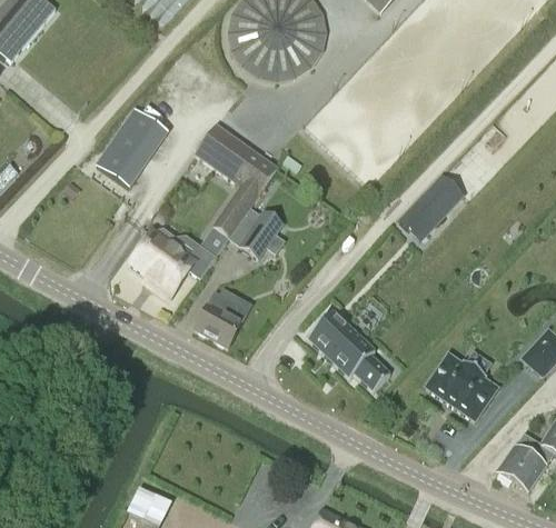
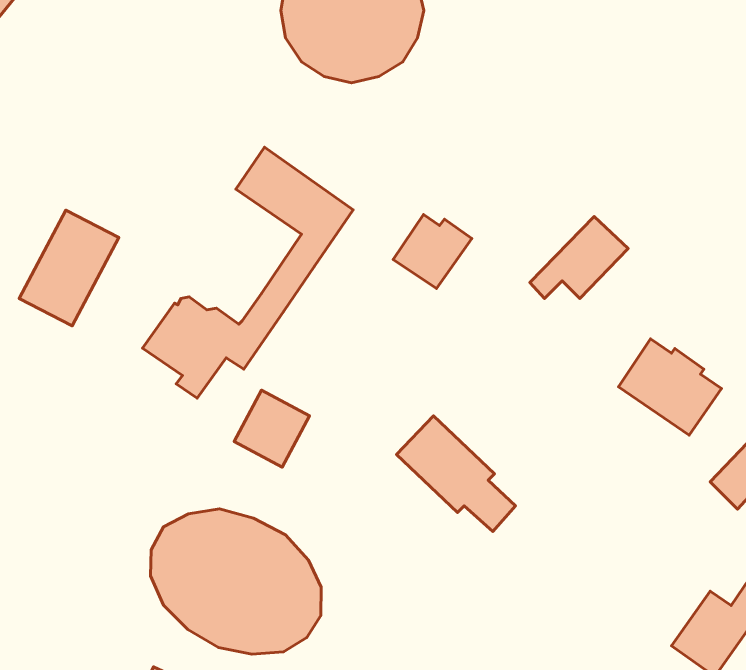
building: [98,106,167,186] -> [19,210,119,326]
building: [229,207,284,258] -> [393,214,472,288]
building: [426,352,497,419] -> [618,339,721,435]
building: none -> [150,509,321,654]

